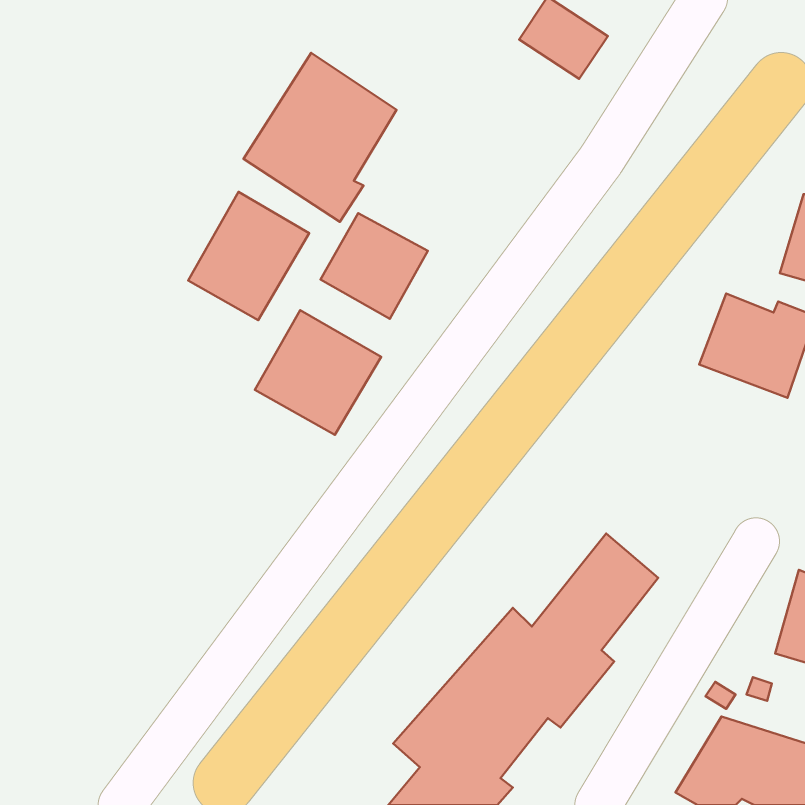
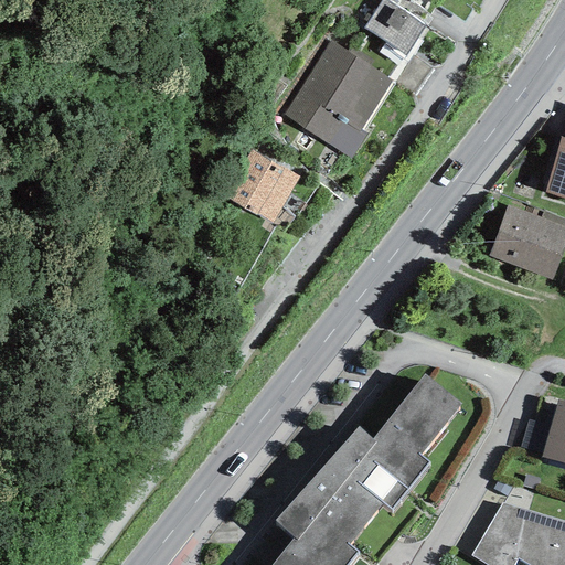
building: [243,53,397,222] -> [285,40,392,158]
building: [188,192,309,320] -> none
building: [255,310,381,435] -> none

